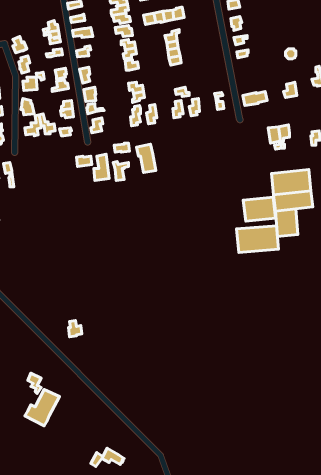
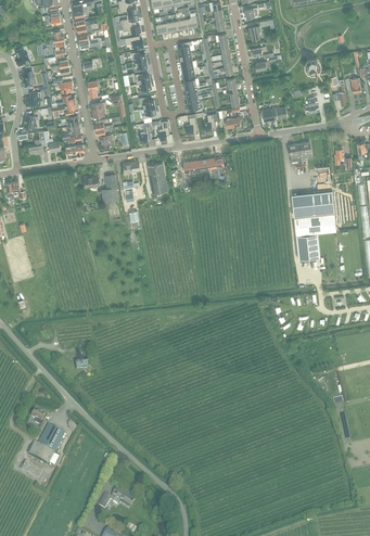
building: none -> [182,155,224,173]
building: [243,197,276,221] -> none
building: [237,226,279,252] -> none

